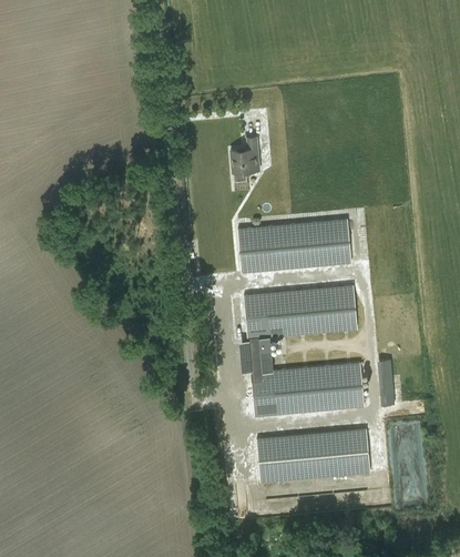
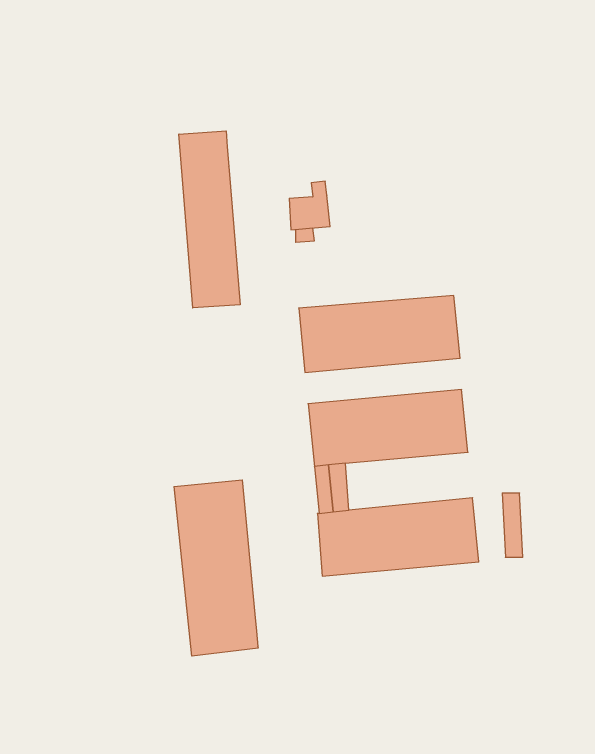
building: none -> [179,131,240,308]
building: none -> [174,480,258,656]
building: [257,428,370,484] -> none

